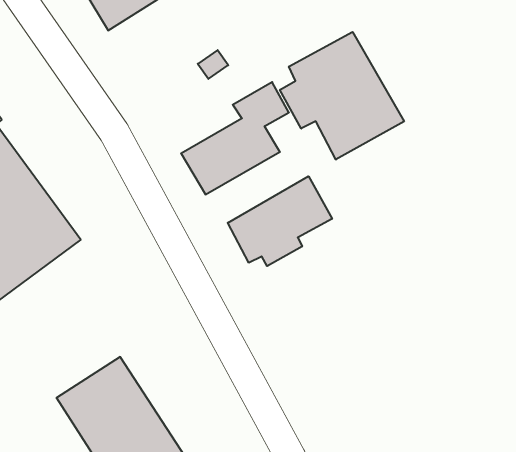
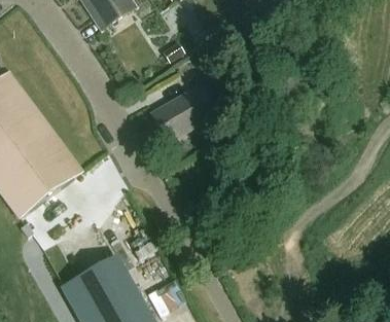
building: [280,32,404,160] -> none
building: [228,176,332,266] -> none

